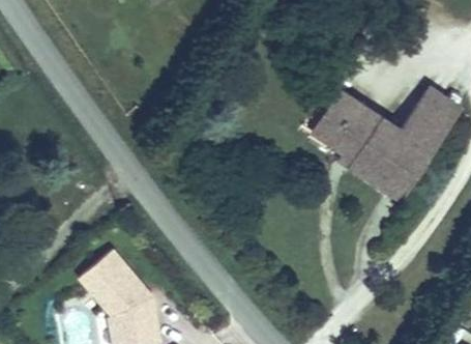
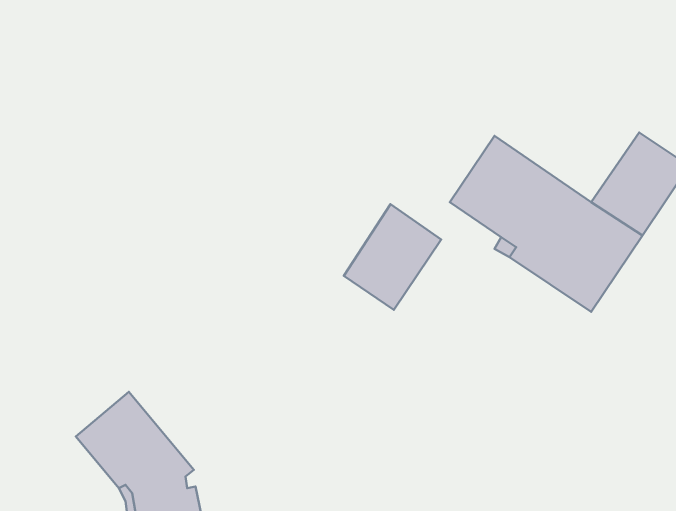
building: none -> [344,204,441,310]

